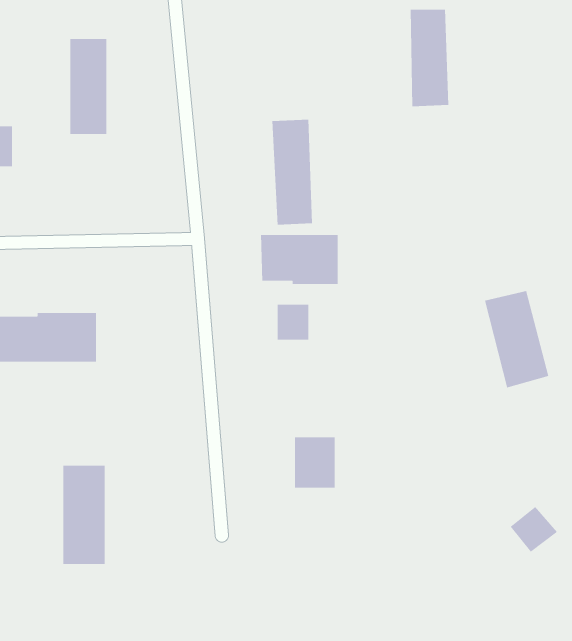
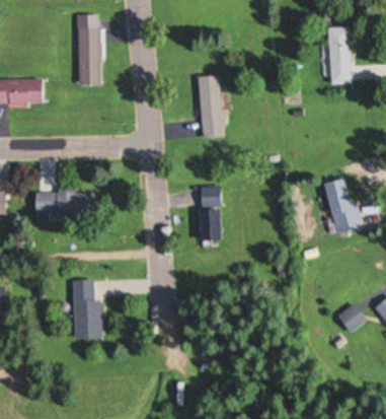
building: [410,9,449,107] -> [328,26,352,84]
building: [260,234,338,285] -> none
building: [294,437,335,488] -> [198,208,222,238]

